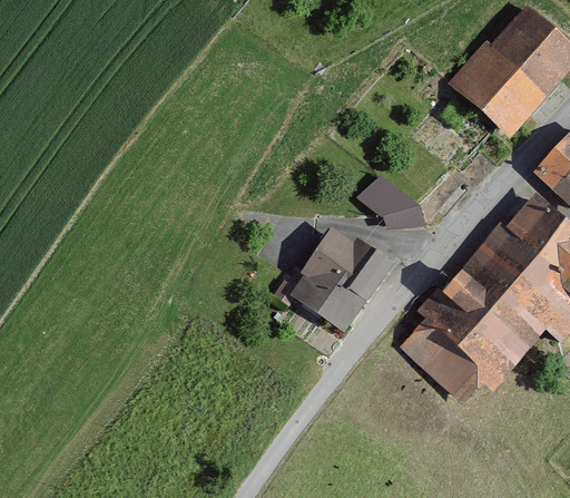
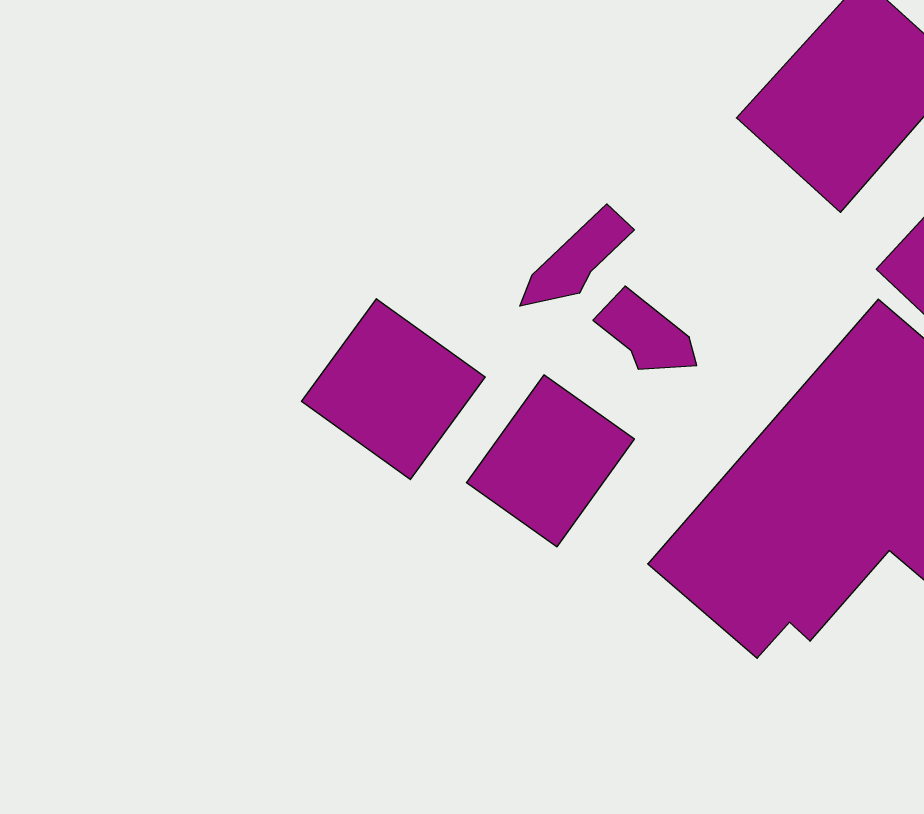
building: none -> [520,204,634,306]
building: none -> [302,299,485,480]

